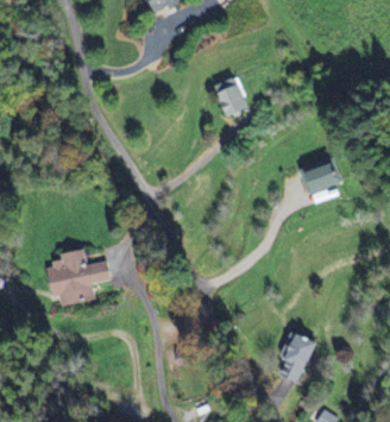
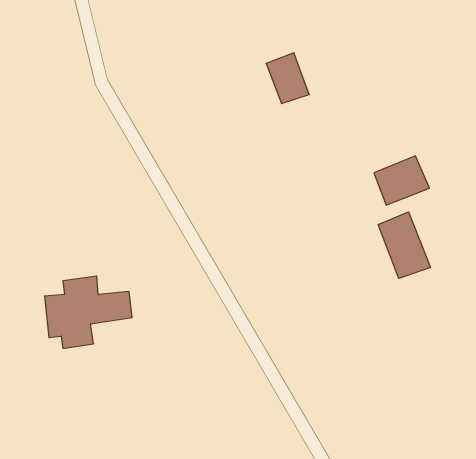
building: none -> [378,212,430,278]
building: [279,329,317,382] -> none

